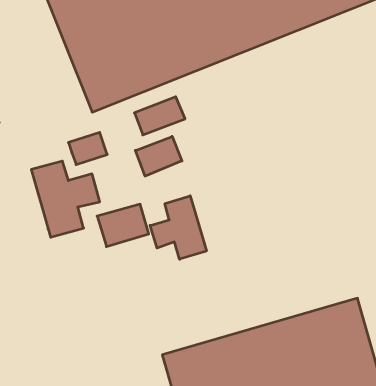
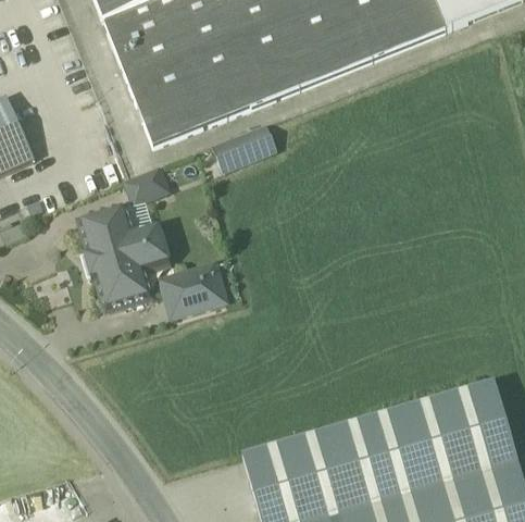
building: [135,136,182,176] -> none
building: [150,196,206,259] -> none

